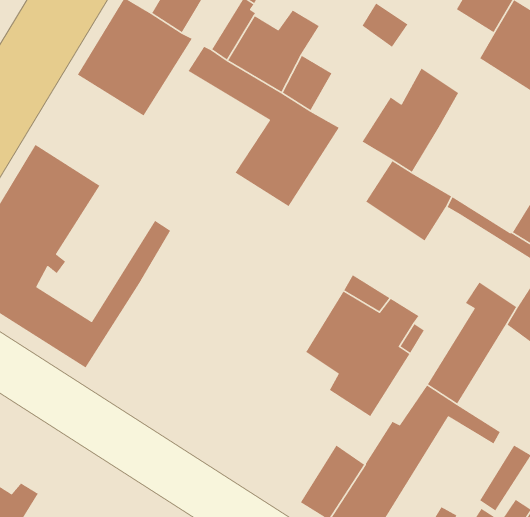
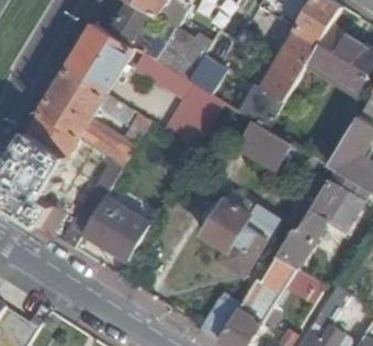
building: none -> [273,28,317,79]
building: none -> [39,68,149,162]
building: none -> [80,194,148,258]

